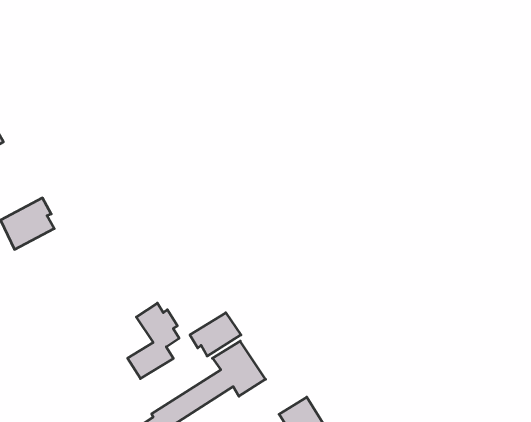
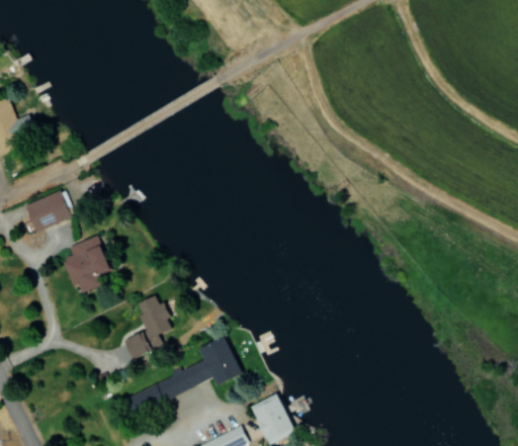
building: none -> [61,236,109,292]
building: [190,313,241,356] -> none

